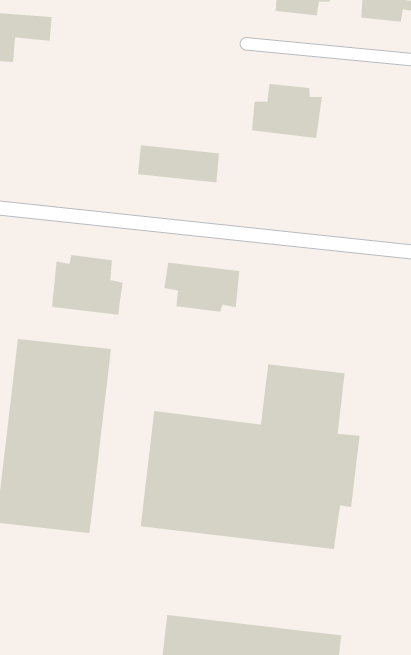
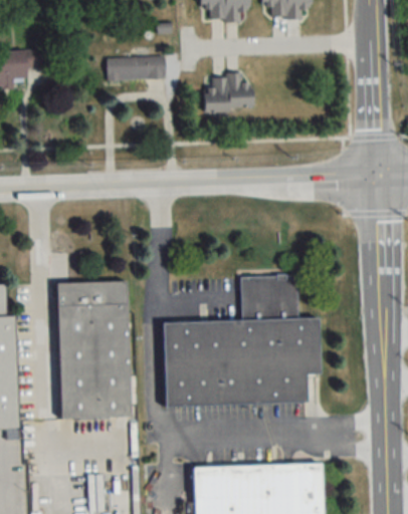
building: [137,145,220,183] -> [107,56,166,80]
building: [51,254,124,316] -> none
building: [164,262,240,313] -> none

